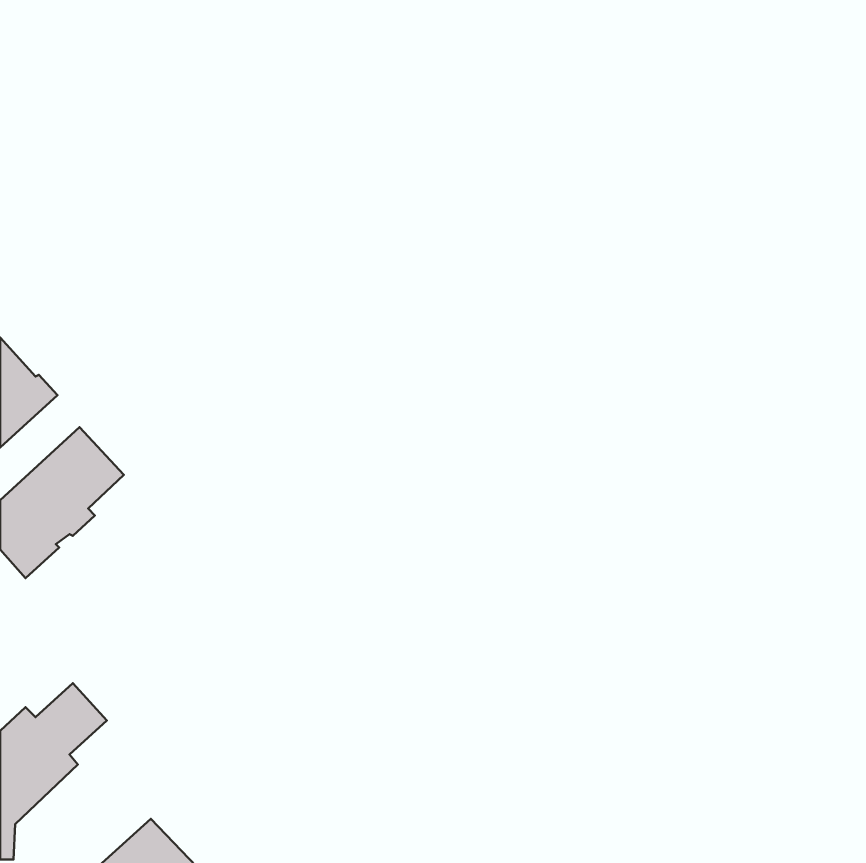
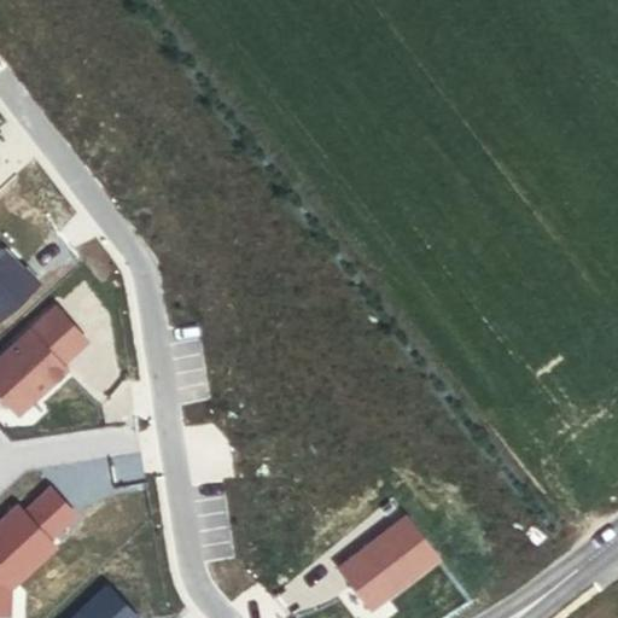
building: none -> [338,517,438,611]

